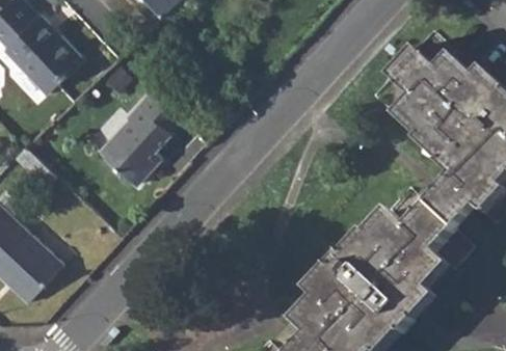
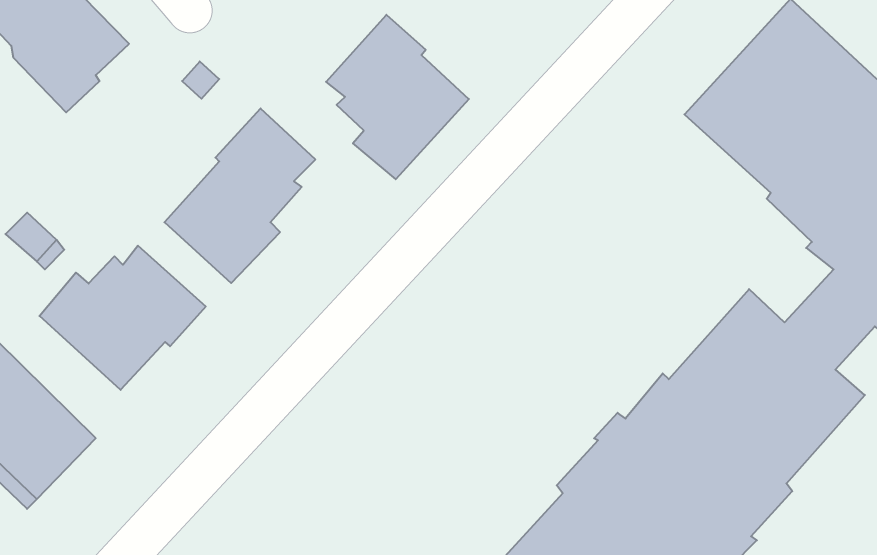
building: none -> [326,15,469,179]
building: none -> [39,246,206,390]

